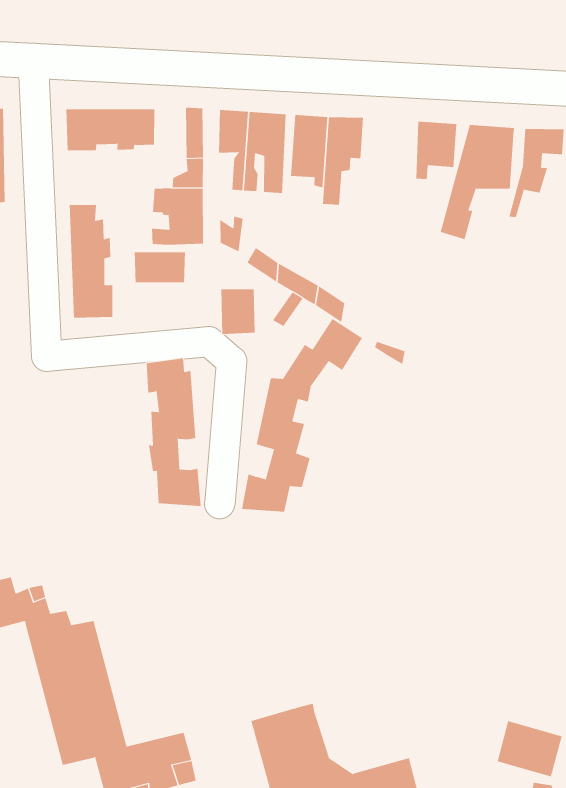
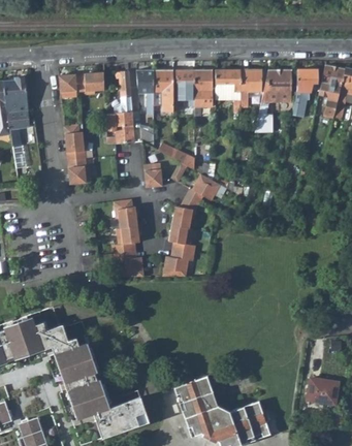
building: none -> [215,71,242,101]
building: [134,251,185,283] -> none

